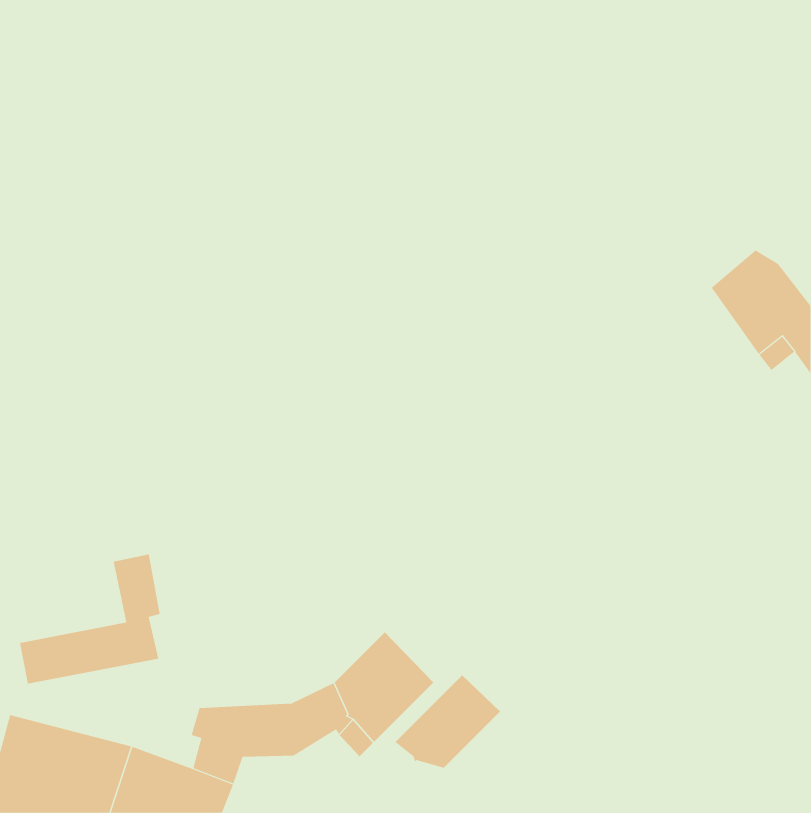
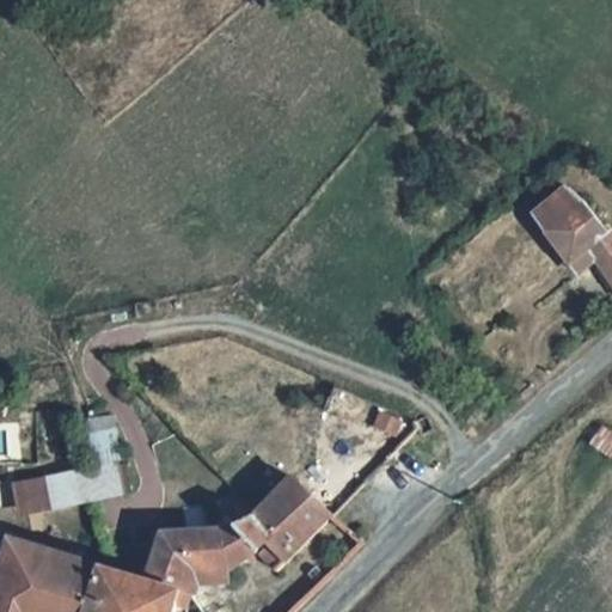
building: [395,674,501,768] -> none

